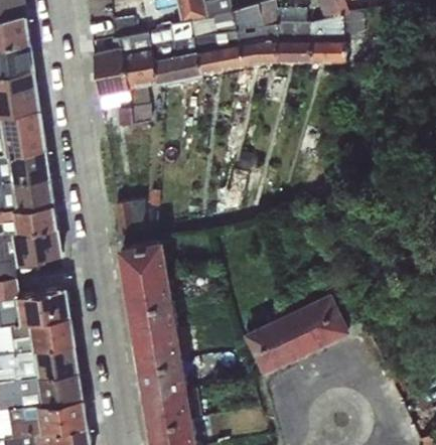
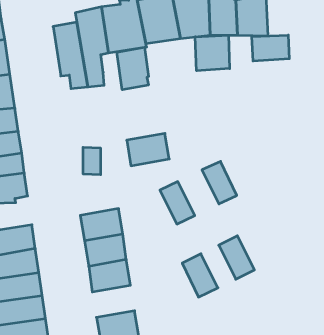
building: none -> [252,35,289,61]
building: none -> [195,35,230,71]
building: none -> [117,47,149,90]
building: [117,240,167,278] -> [127,133,169,166]
building: [308,292,349,342] -> [202,161,237,204]
building: [265,313,306,363] -> [160,182,195,224]
building: [136,360,186,399] -> none

